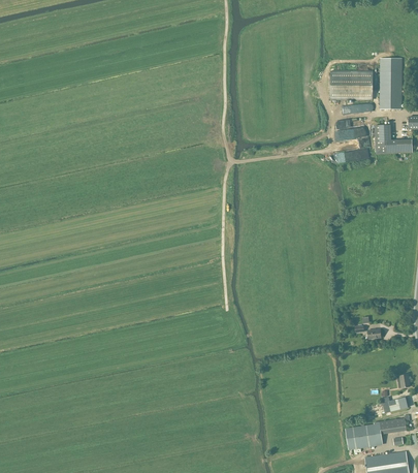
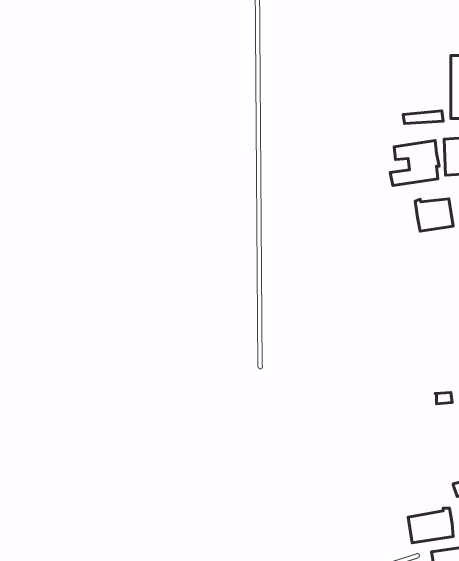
building: [330,71,373,99] -> none
building: none -> [415,199,453,231]

